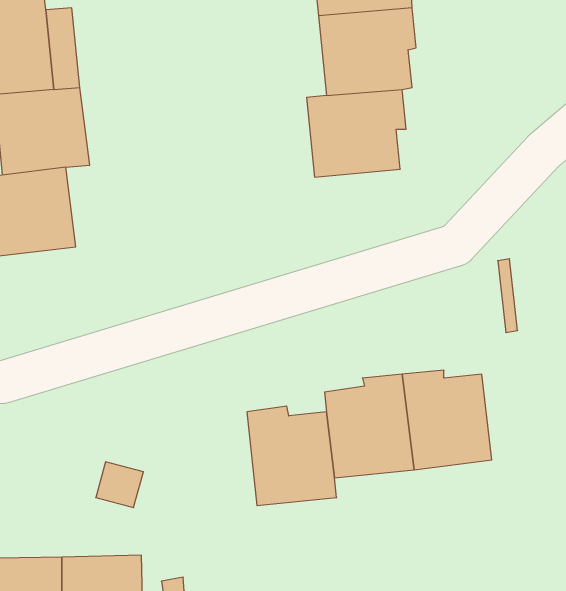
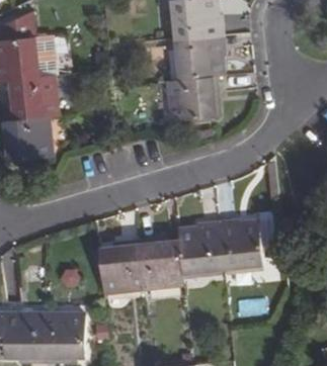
building: none -> [99,241,144,293]

